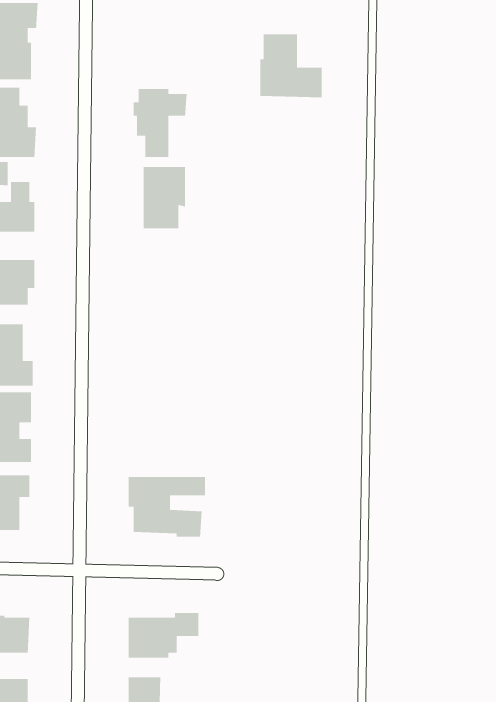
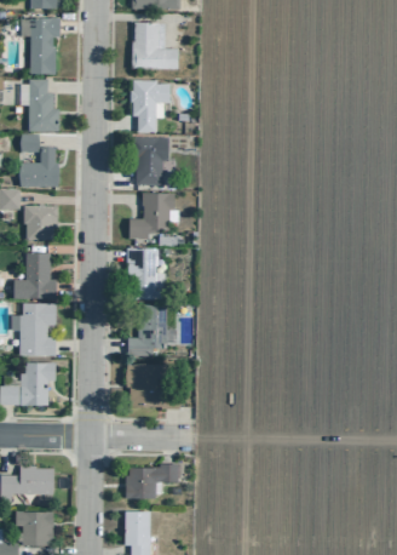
building: [260,34,323,98] -> [132,23,178,70]
building: none -> [128,193,174,239]
building: none -> [126,248,156,292]
building: none -> [127,304,167,356]

